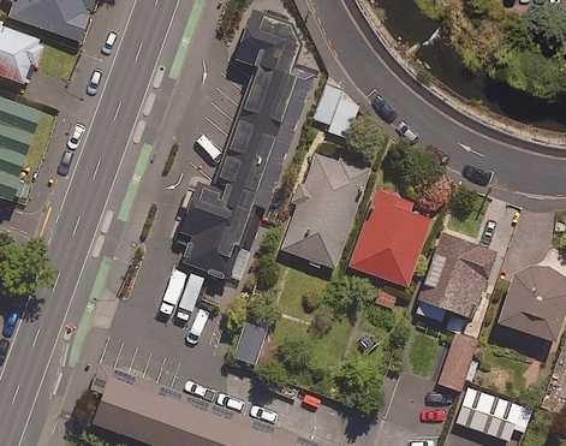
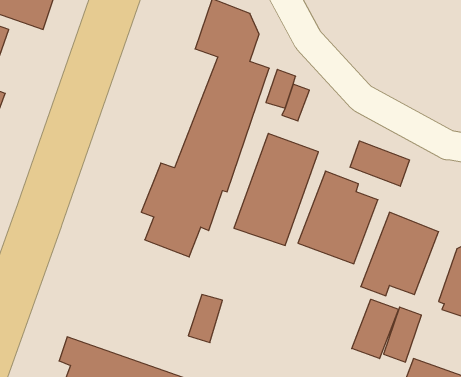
building: none -> [350,141,410,186]
building: none -> [352,299,399,359]

